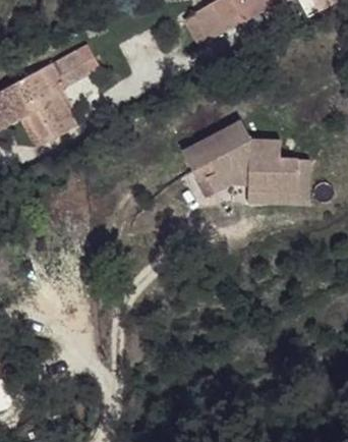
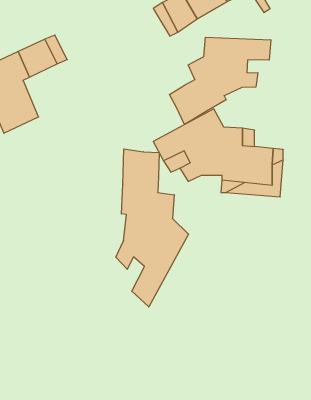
building: none -> [169,37,271,125]
building: none -> [116,149,189,307]

